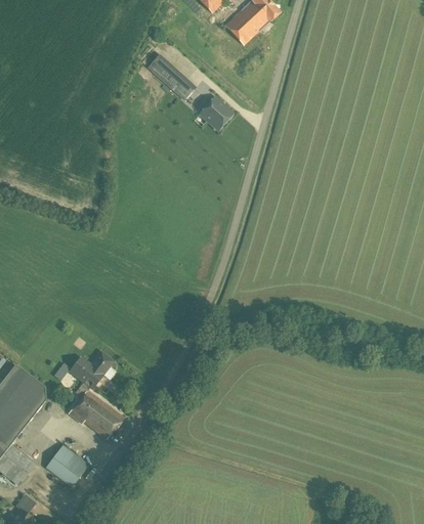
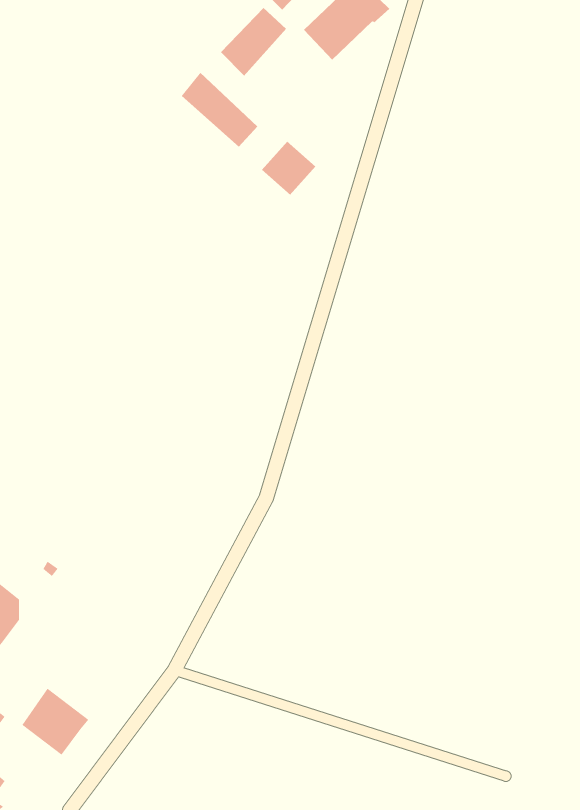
building: none -> [220,7,287,77]
building: [68,351,124,439] -> none

